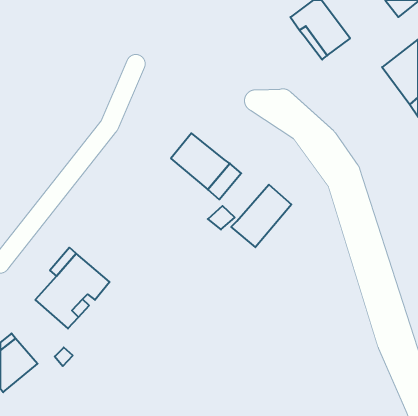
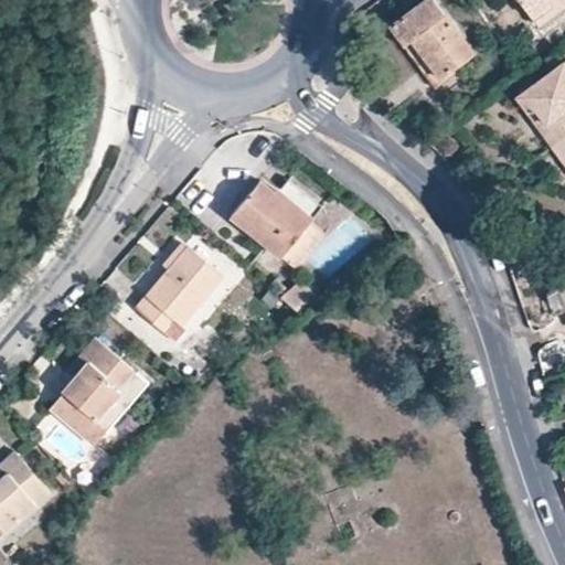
building: none -> [138,248,221,337]
building: [231,185,291,247] -> none

